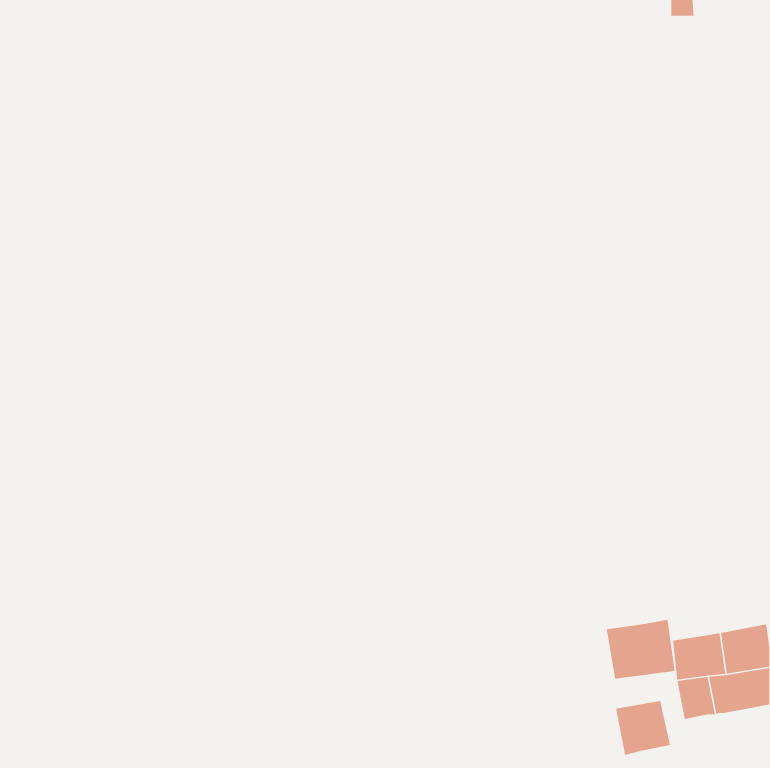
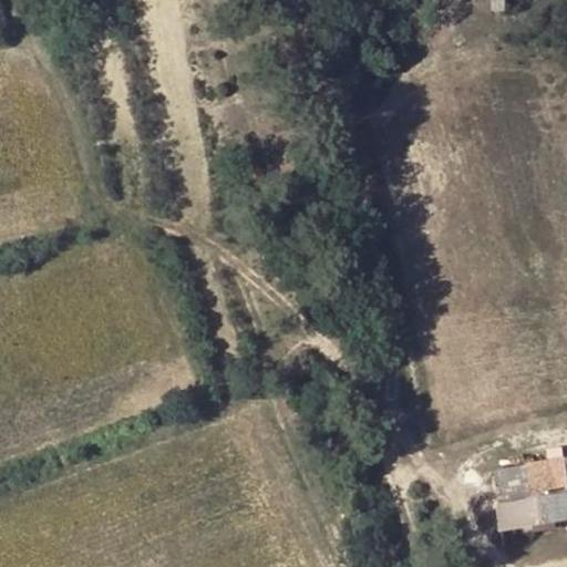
building: [606,619,676,679] -> none
building: [615,700,671,756] -> none

